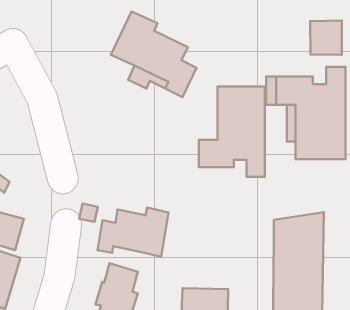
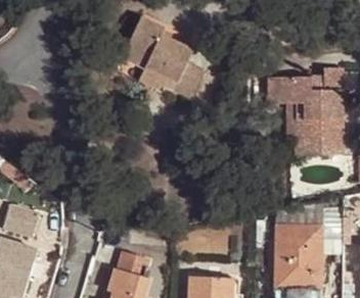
building: [310,20,342,55] -> none
building: [199,86,265,177] -> none
building: [98,208,169,257] -> none

